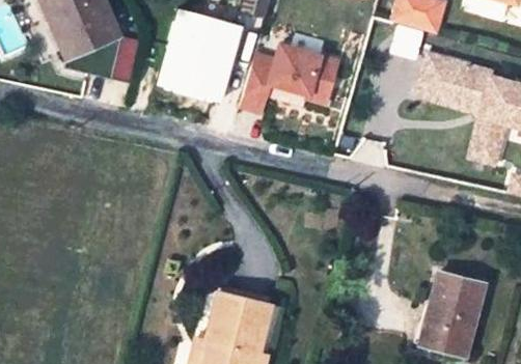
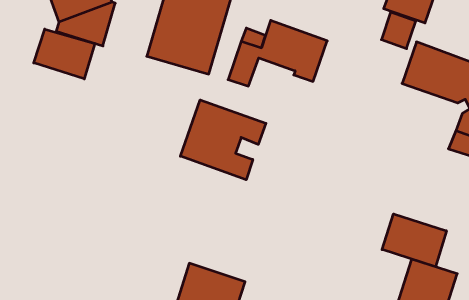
building: none -> [34,29,95,79]
building: none -> [180,100,266,180]
building: none -> [382,214,446,267]

